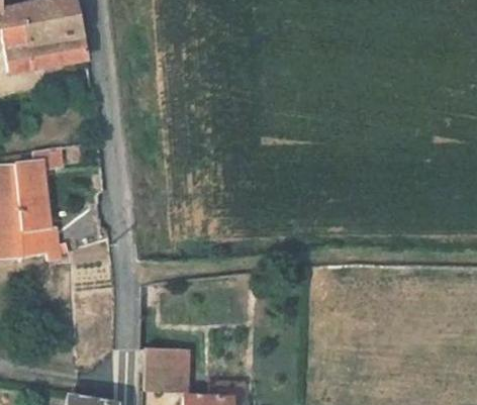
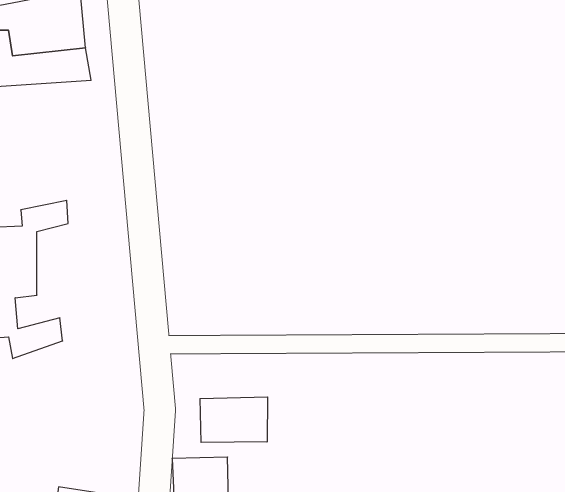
building: none -> [200,397,268,442]

